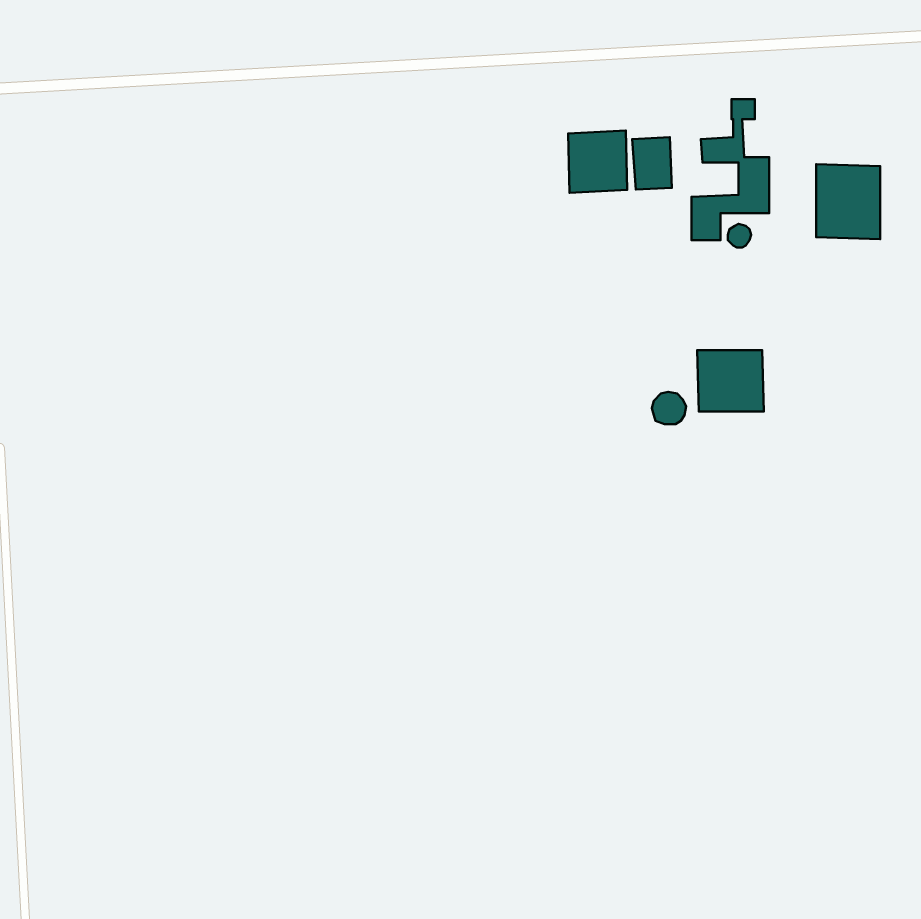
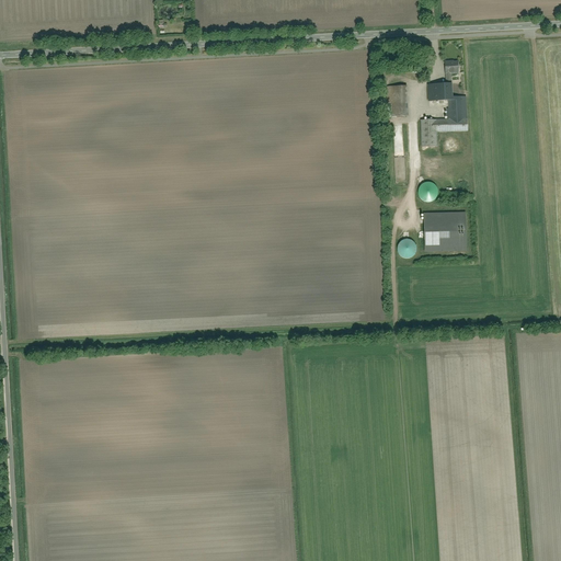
building: [568,131,627,193] -> none
building: [816,164,880,239] -> none

